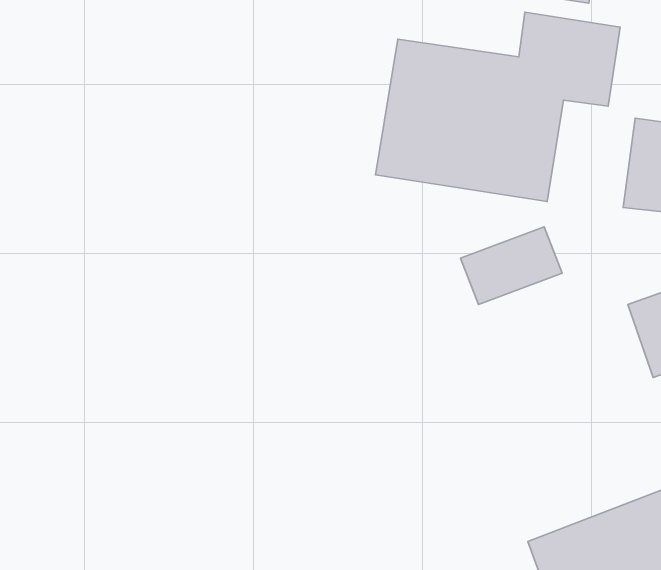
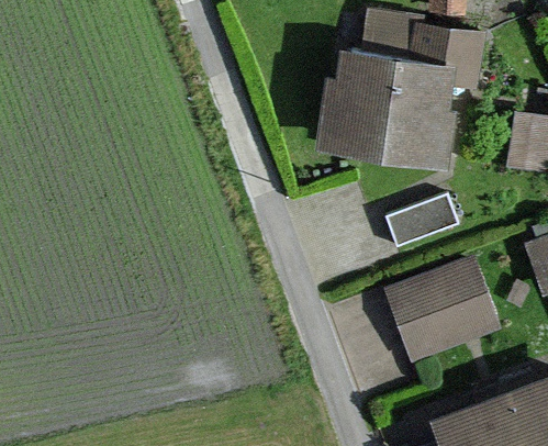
building: none -> [387,256,499,360]

